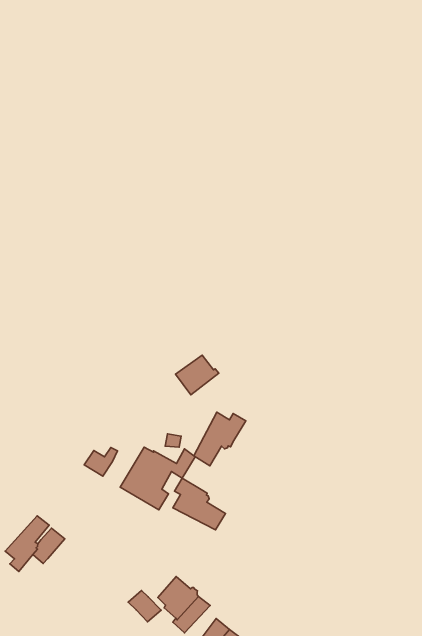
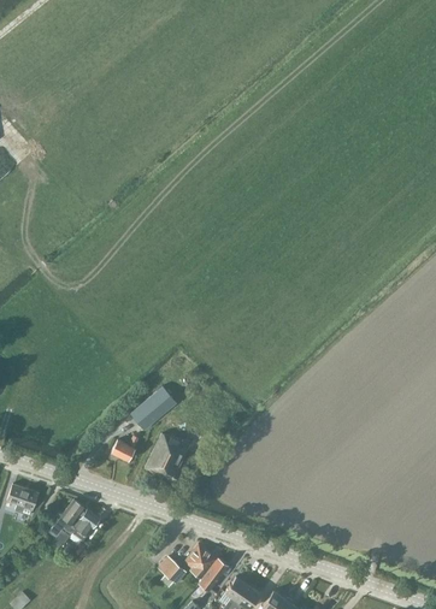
building: [176,355,219,395] -> [130,396,167,431]
building: [194,412,246,466] -> none
building: [173,478,226,530] -> none

